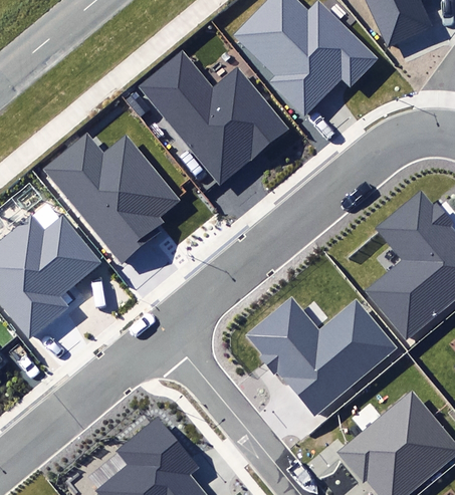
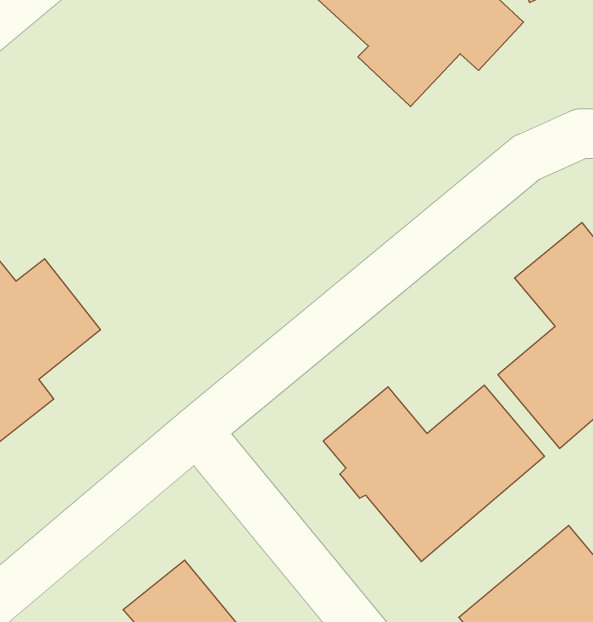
building: [137,49,288,186] -> none
building: [44,136,177,263] -> none

